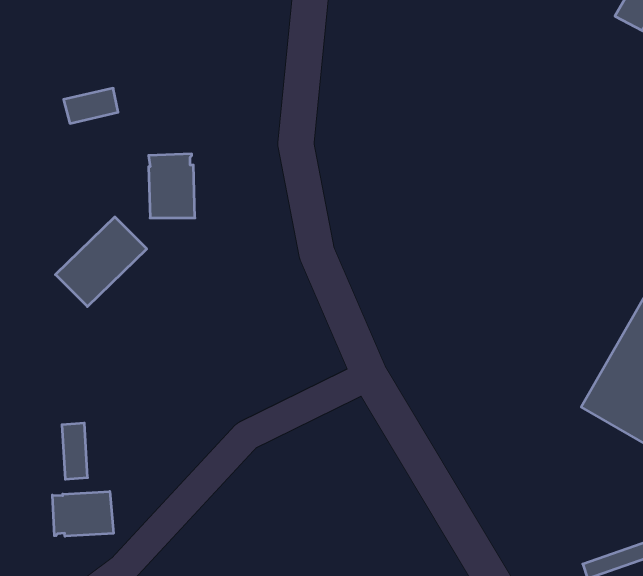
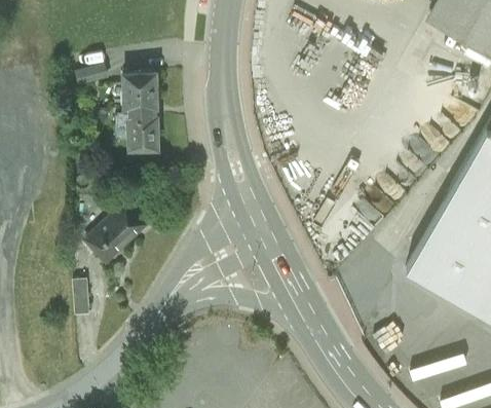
building: none -> [122,75,156,111]
building: [55,217,147,307] -> [84,207,143,264]
building: [52,491,113,536] -> none

